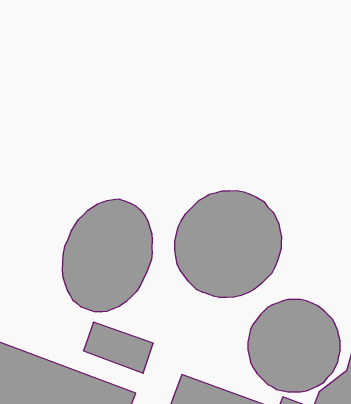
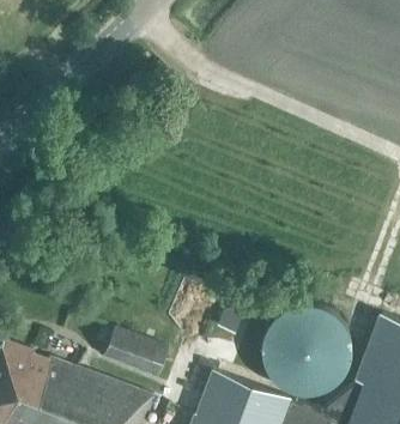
building: [175,191,281,298] -> none
building: [62,199,152,312] -> none

